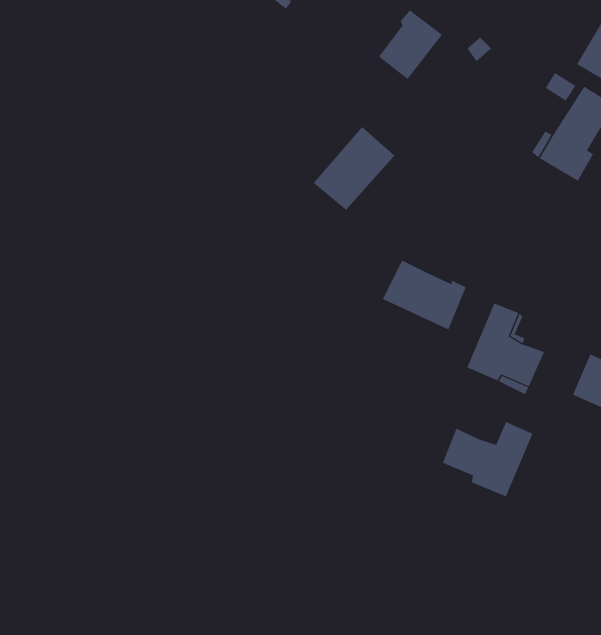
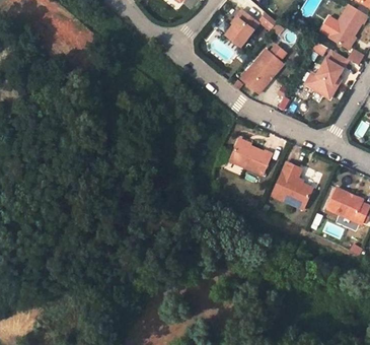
building: [313,126,395,210] -> [240,49,283,92]
building: [442,421,533,497] -> none

